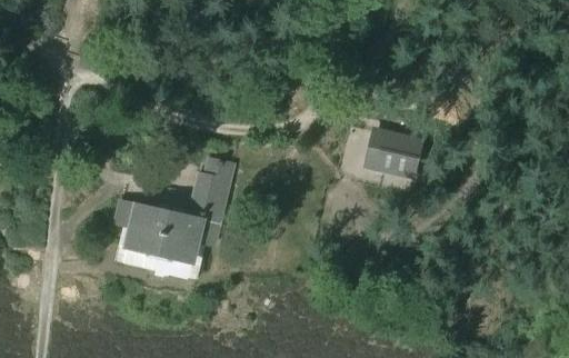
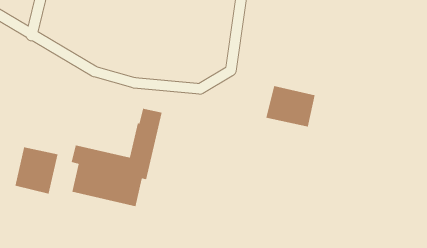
building: none -> [15,146,58,194]

